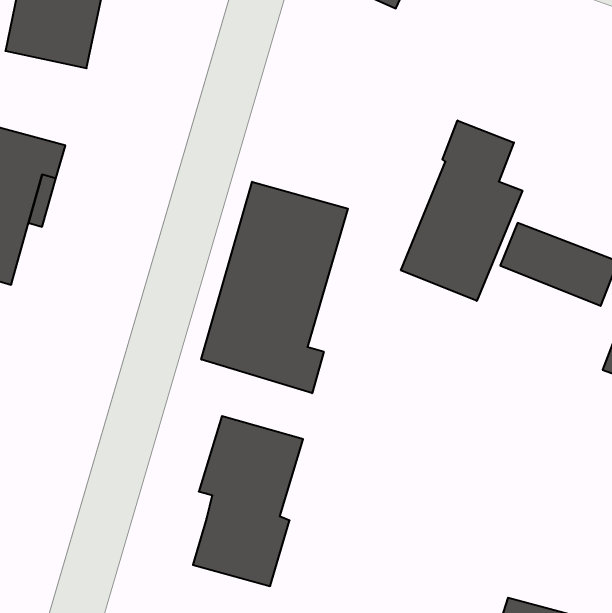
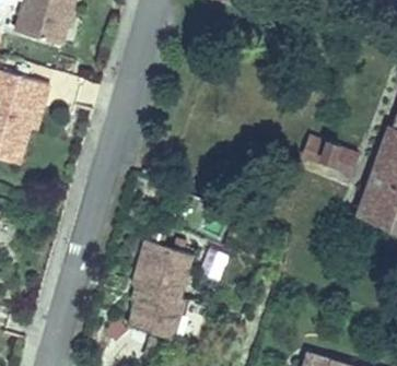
building: [401,120,522,301] -> none
building: [201,182,348,393] -> none

